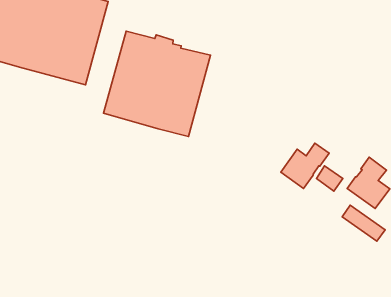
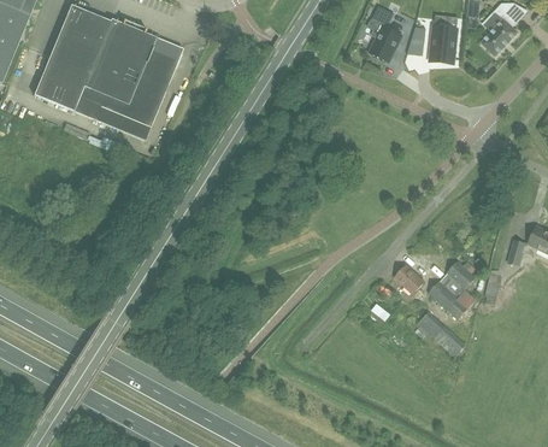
building: [104,31,210,137] -> none
building: [281,143,329,188] -> none

